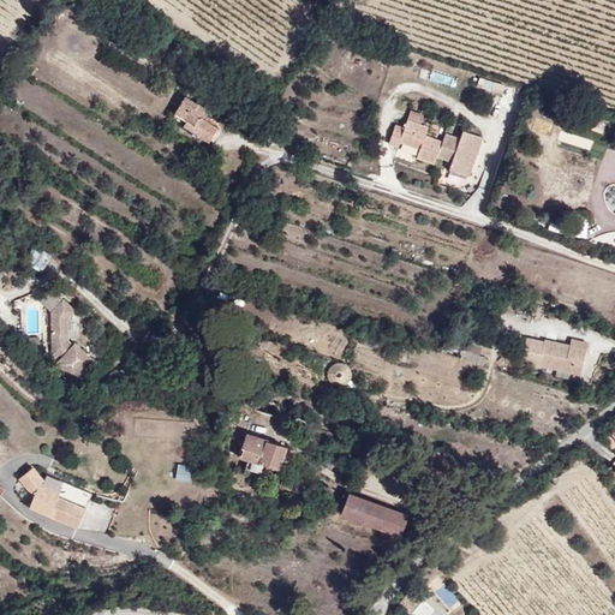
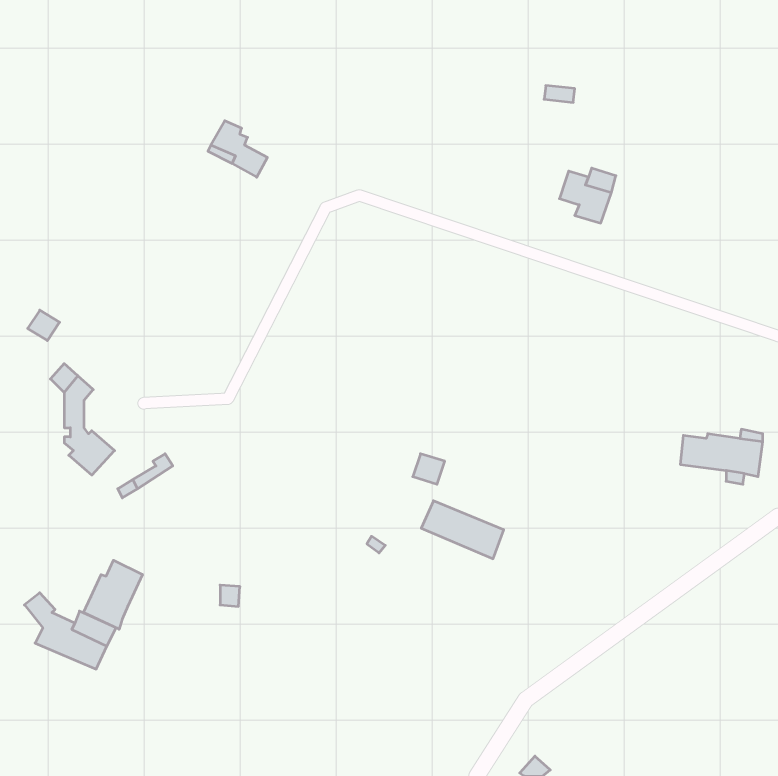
building: [389,120,444,166] -> none
building: [234,431,281,477] -> none
building: none -> [84,560,142,629]
building: [340,495,405,541] -> [421,501,504,559]

